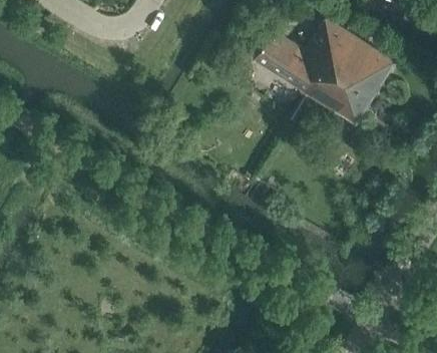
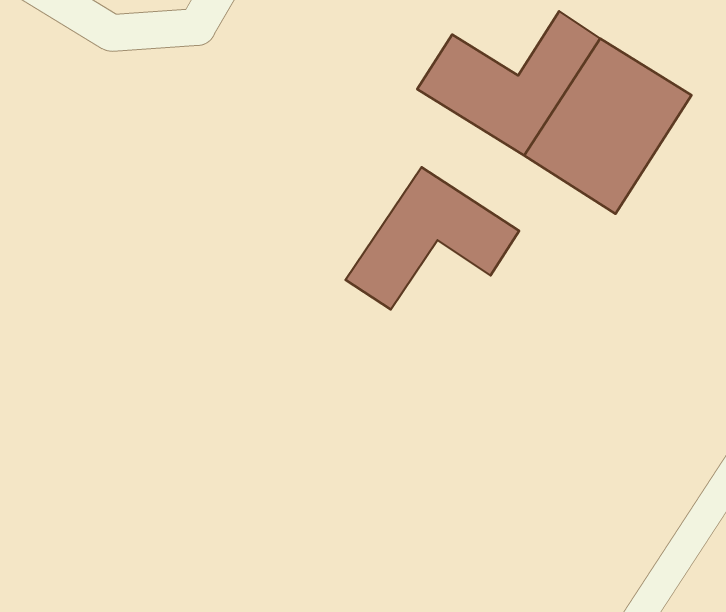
building: none -> [345,167,519,310]

